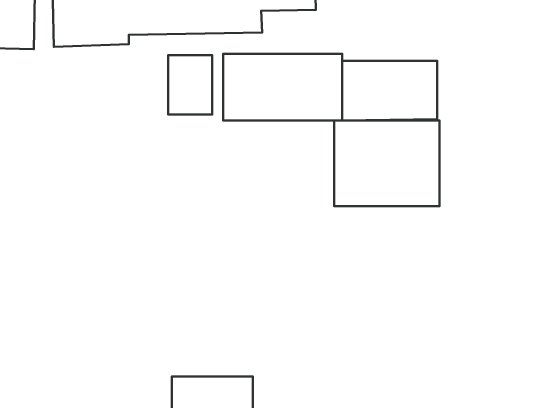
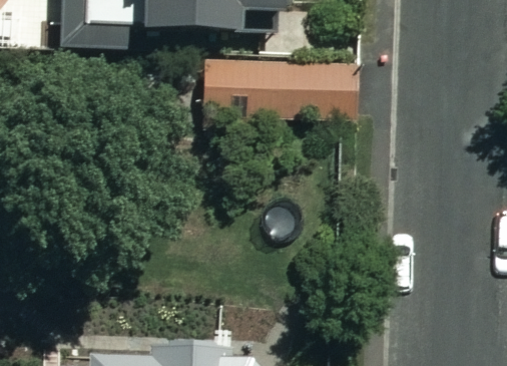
building: [334,121,439,206] -> none

